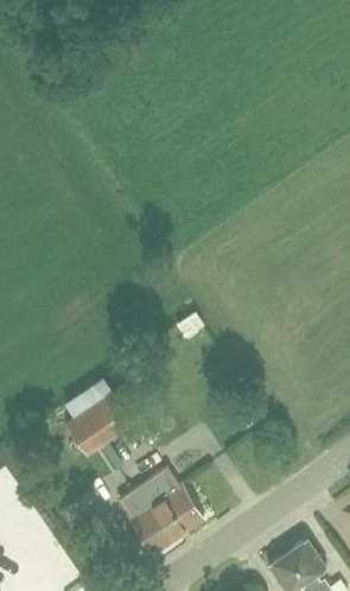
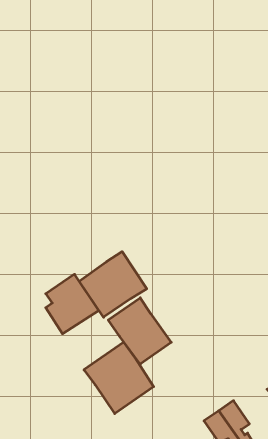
building: none -> [79,252,147,317]
building: none -> [108,298,171,364]

